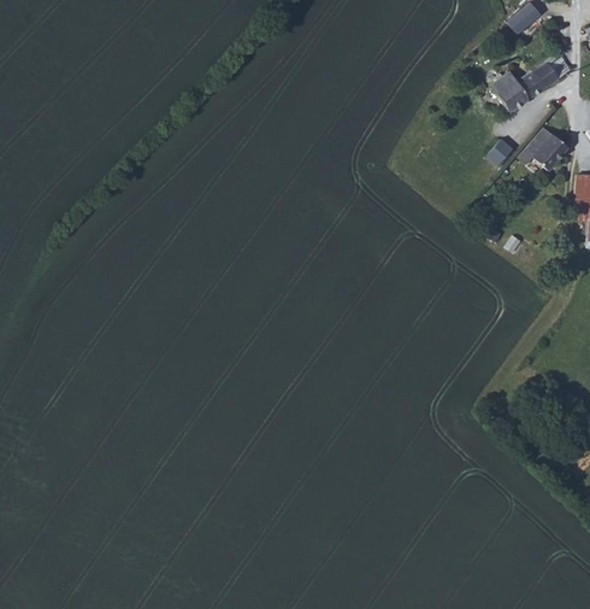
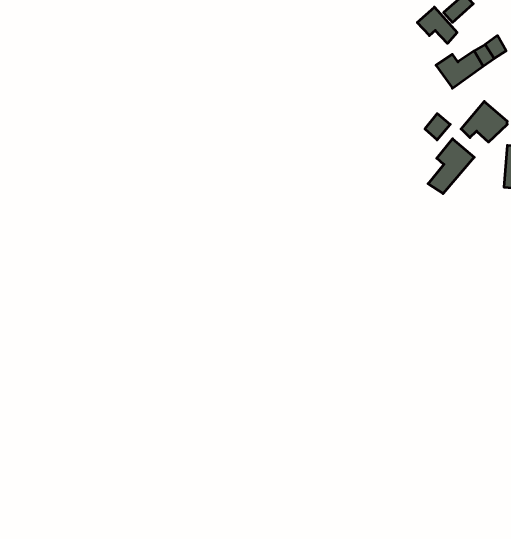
building: none -> [417,7,457,43]
building: none -> [428,139,474,194]

